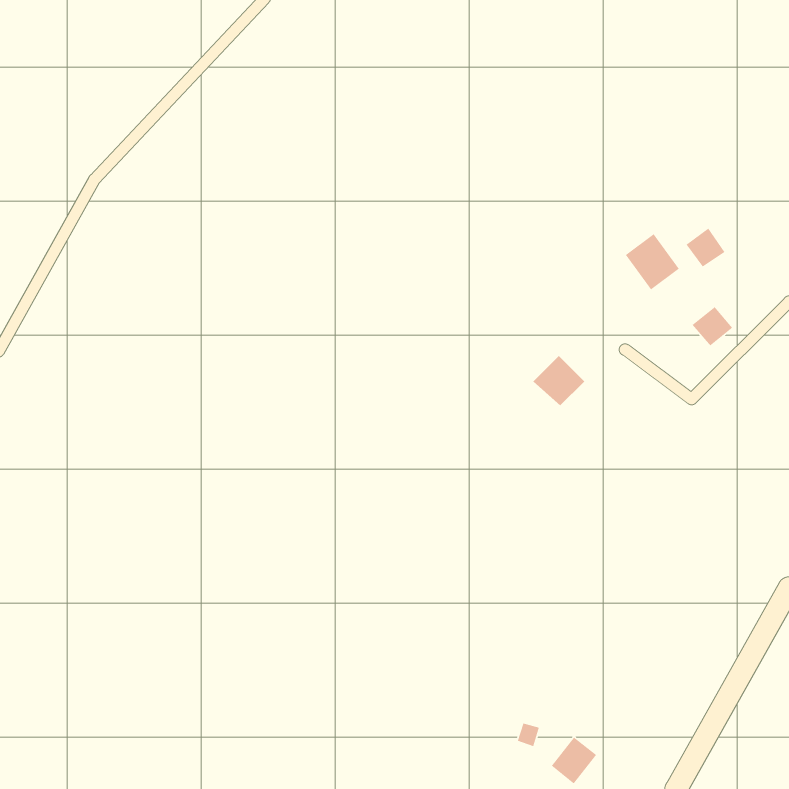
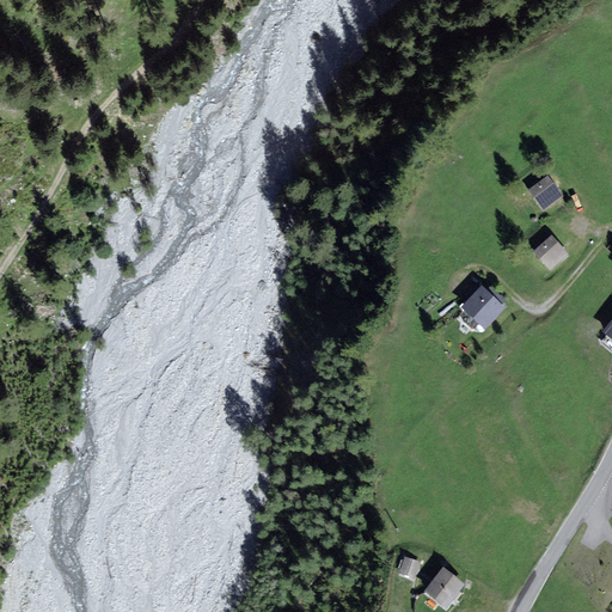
building: [625,233,680,290] -> none
building: [532,355,585,406] -> [461,286,502,325]

